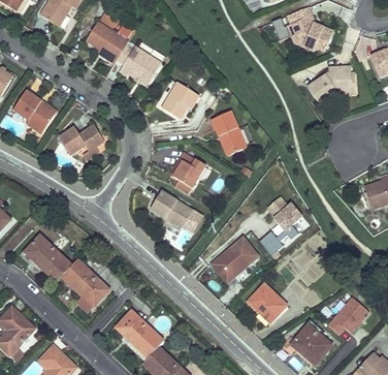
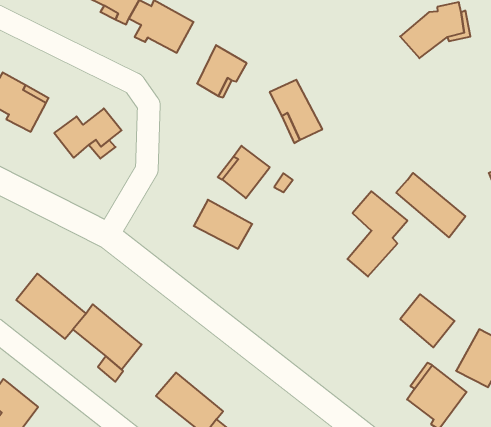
building: none -> [396,173,465,237]
building: [212,238,257,281] -> none
building: [248,284,286,322] -> [400,294,455,347]

